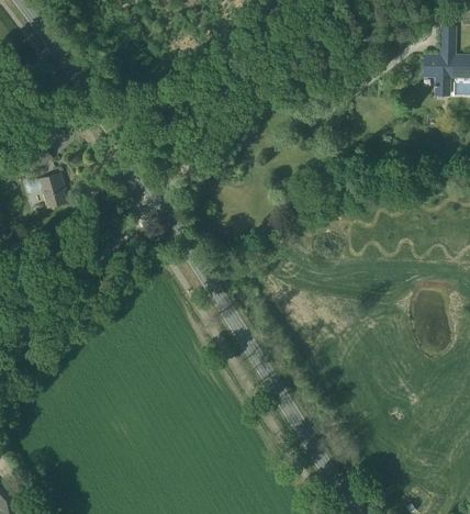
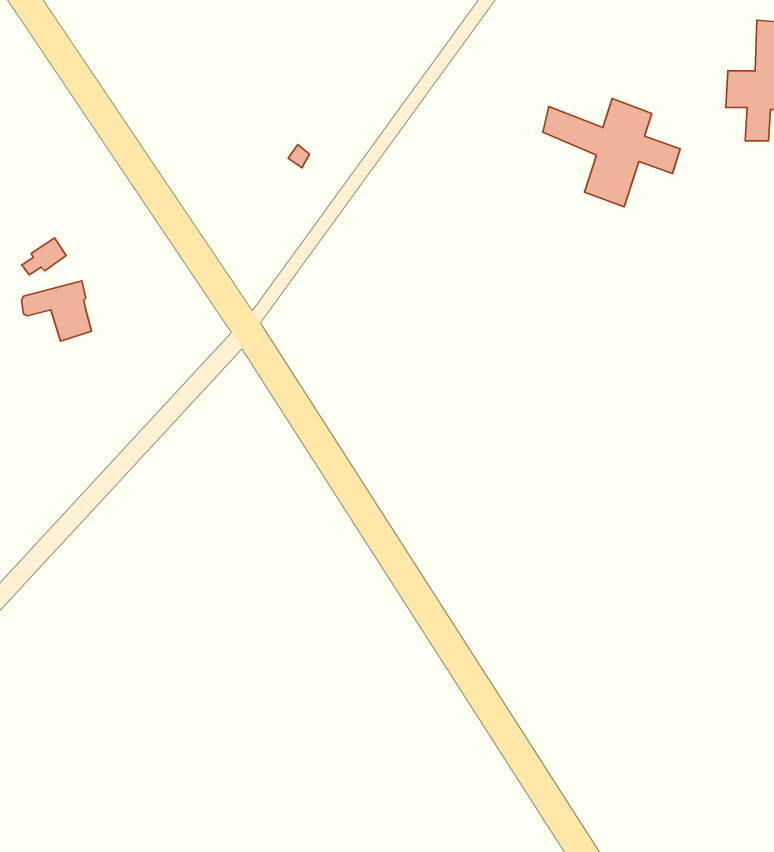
building: none -> [543,99,680,207]

